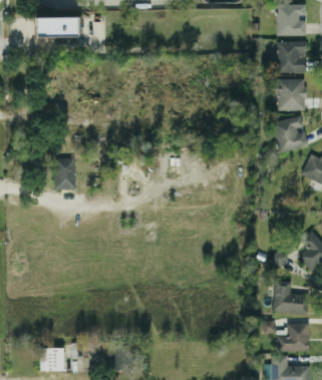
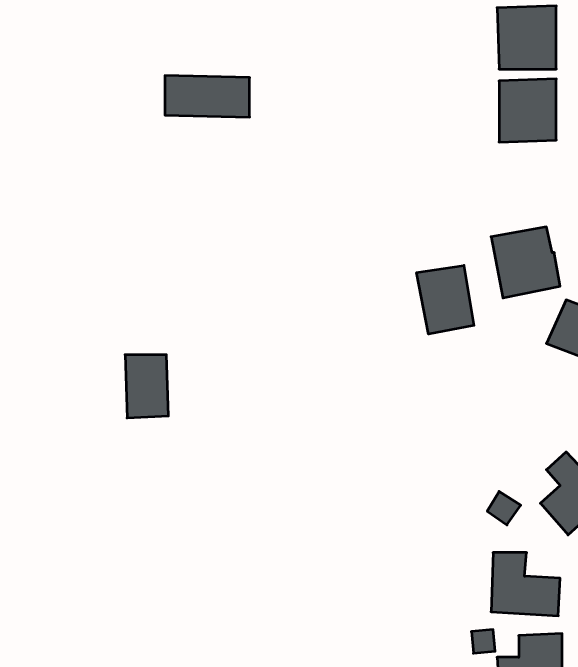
building: [35,17,78,38] -> [165,76,250,117]
building: [277,79,306,111] -> none
building: none -> [417,265,474,334]
building: [54,158,76,191] -> [125,355,168,418]

